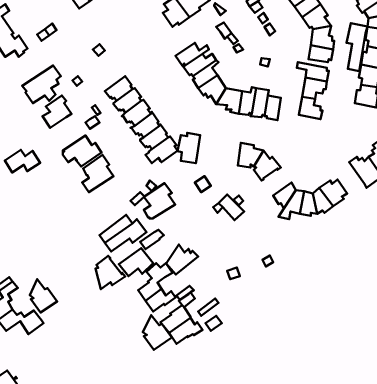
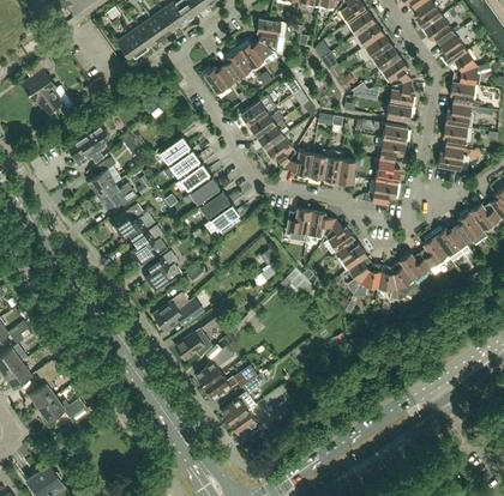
building: none -> [202,66,234,96]
building: [347,23,368,71] -> none
building: none -> [364,180,400,205]
building: [178,133,200,163] -> [286,208,311,242]
building: [5,150,40,172] -> [97,182,137,207]
building: none -> [419,232,449,267]
building: none -> [336,240,367,270]
building: [144,183,175,218] -> [148,250,182,290]
building: [166,245,198,275] -> none
building: [96,256,125,289] -> none
building: [30,279,57,313] -> none
building: [143,315,172,350] -> none

